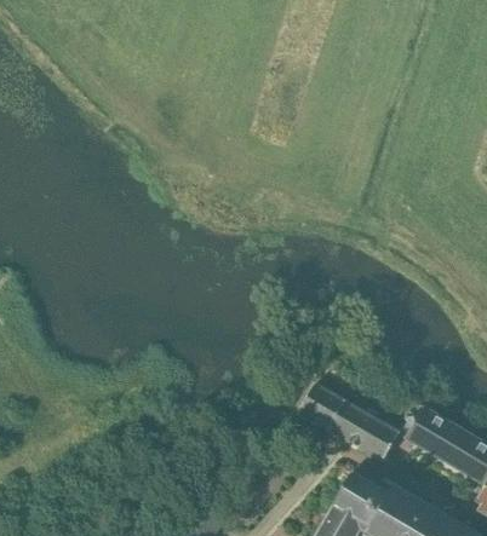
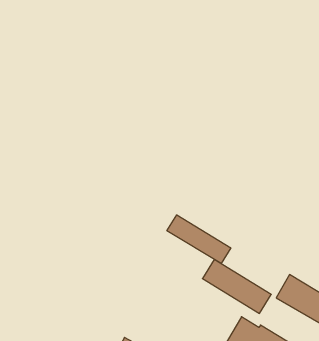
building: none -> [167,215,231,264]

